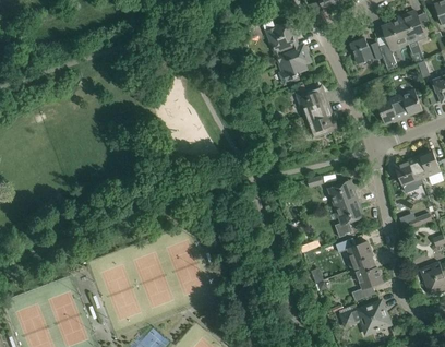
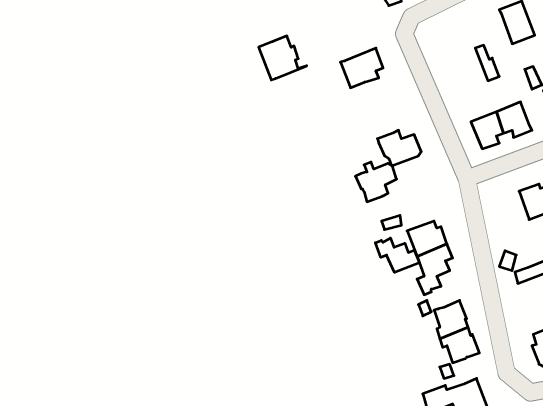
building: [382,20,408,50] -> none
building: [266,24,303,58] -> [259,36,307,80]
building: [351,38,383,63] -> none
building: [296,86,327,117] -> [355,162,397,202]
building: [396,157,421,191] -> none
building: none -> [375,238,419,272]

